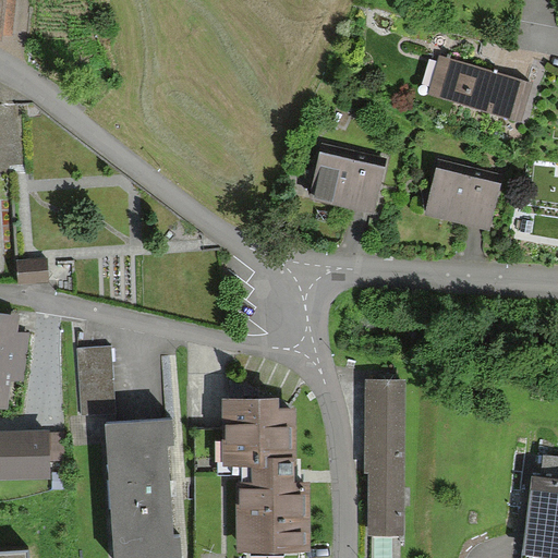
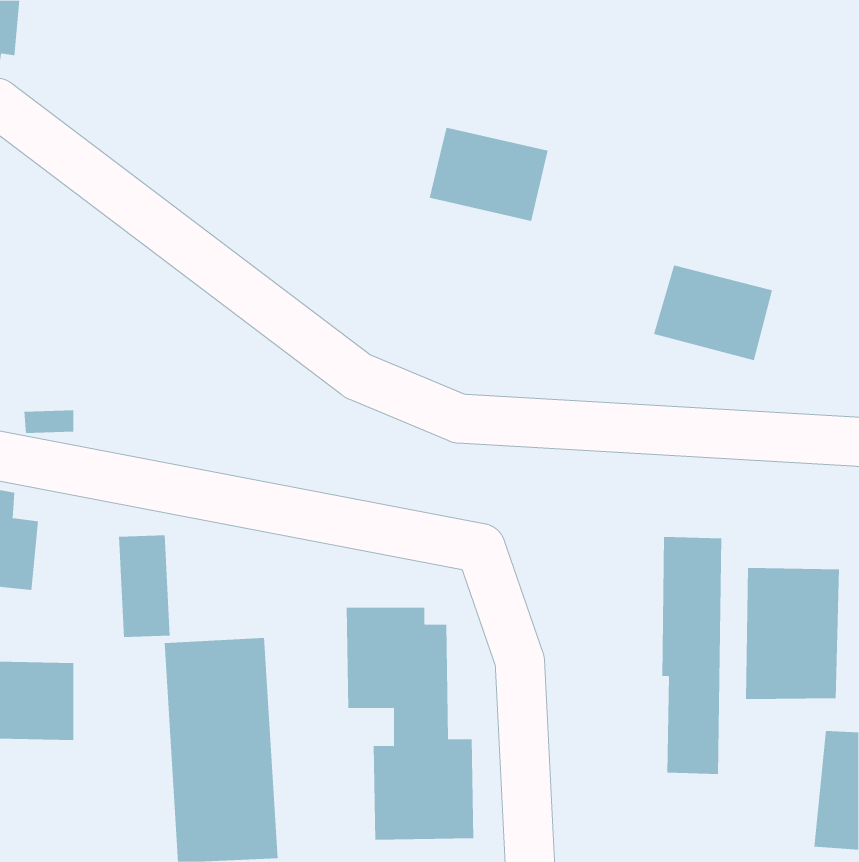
building: [427,58,531,126] -> none
building: [307,157,385,218] -> [429,127,549,221]
building: none -> [746,567,839,700]
building: [364,376,403,530] -> [661,537,722,774]

